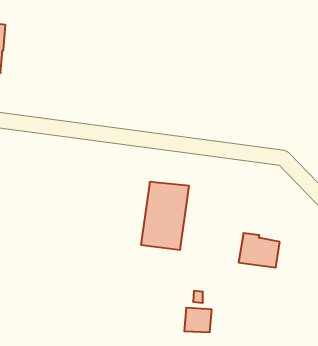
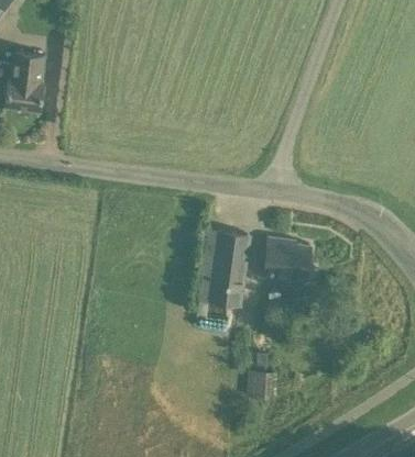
building: [239,233,280,267] -> [264,241,310,279]

